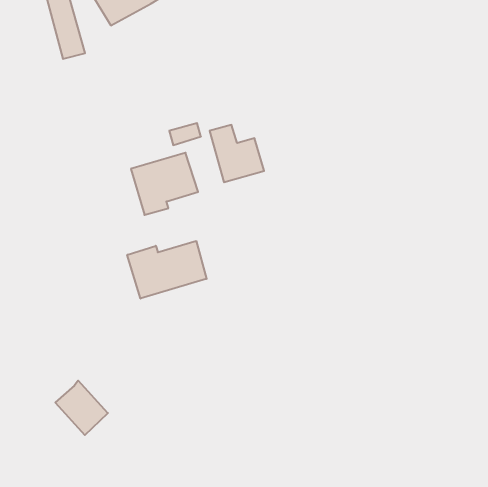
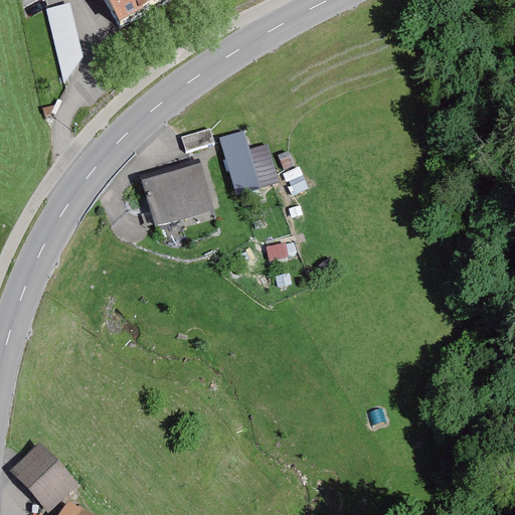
building: [127,241,207,299] -> none
building: [55,381,108,435] -> [14,451,69,508]

